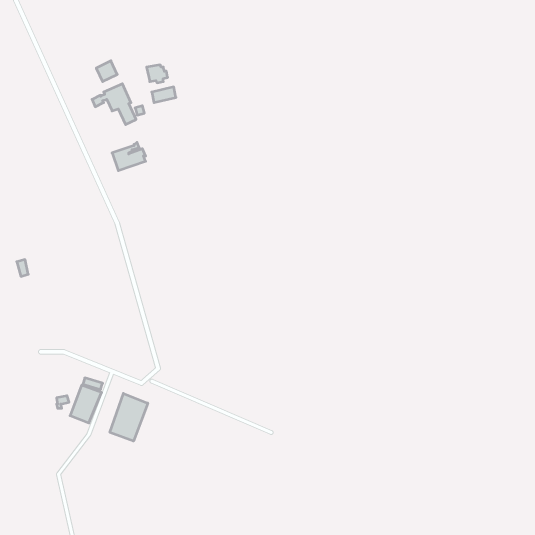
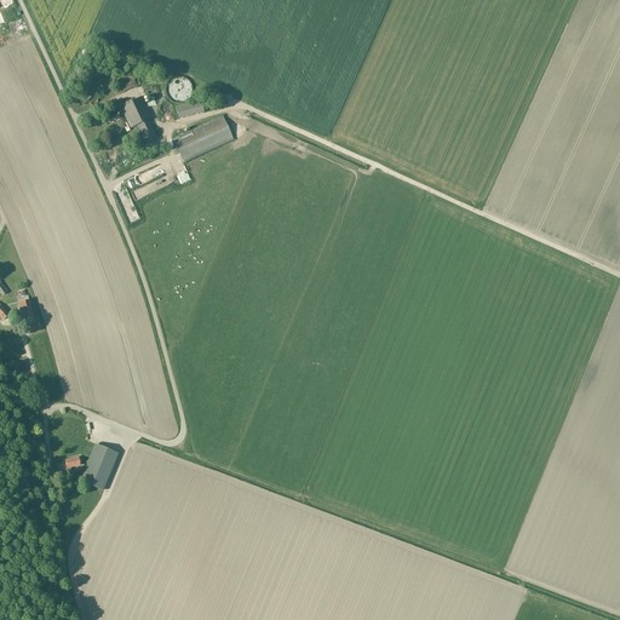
building: none -> [172,116,232,162]
building: [110,393,148,441] -> none

